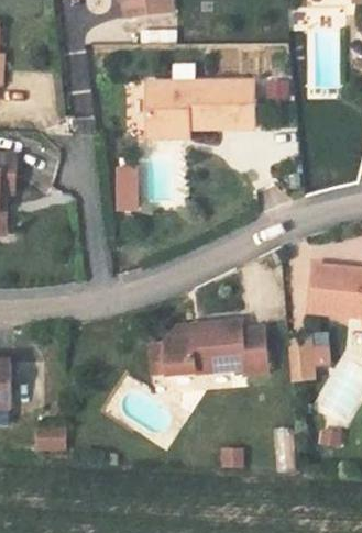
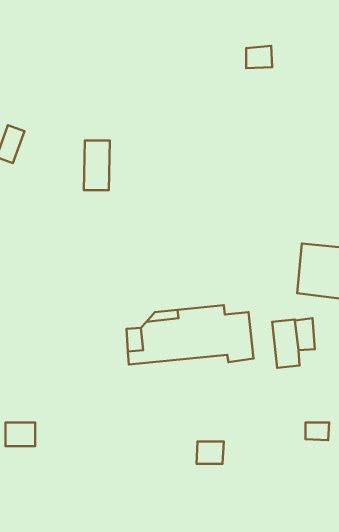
building: [147,82,254,130] -> none

